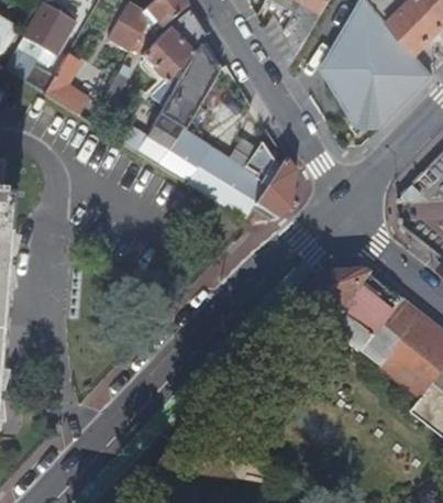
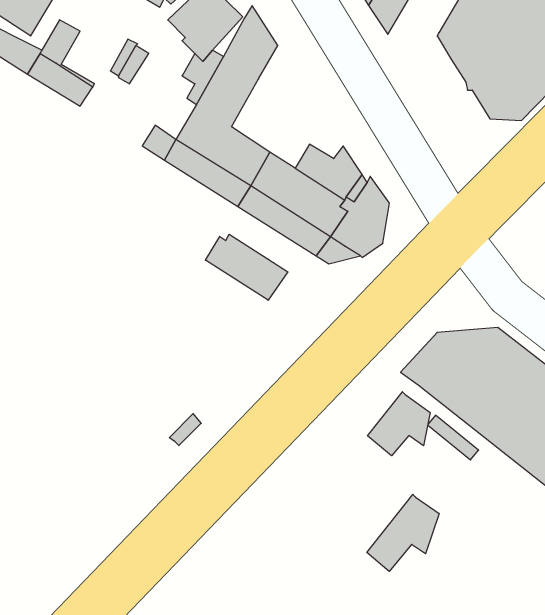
building: none -> [205,234,288,300]
building: none -> [368,392,430,456]
building: none -> [367,494,439,571]

